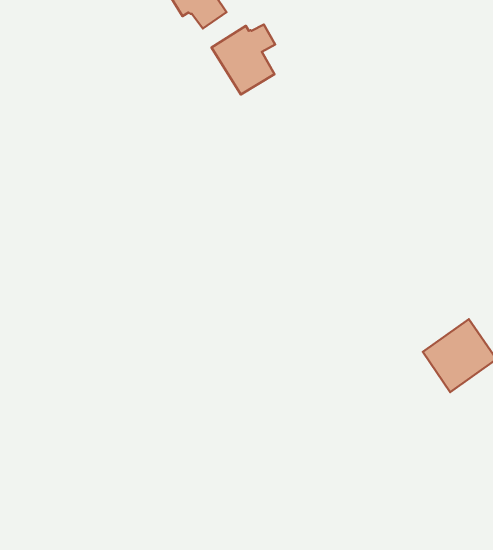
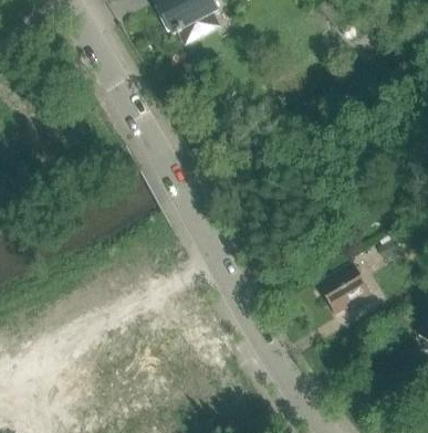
building: [211,24,275,95] -> none

